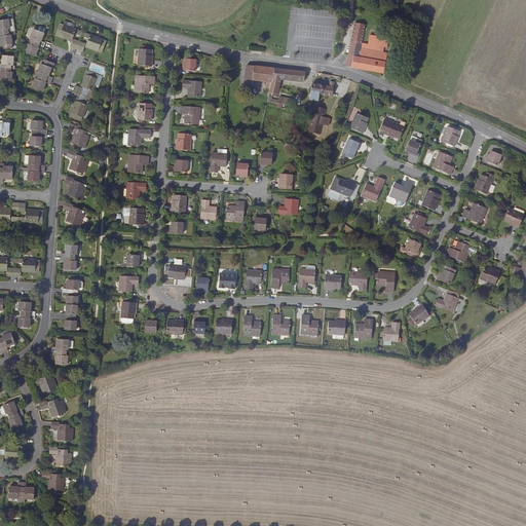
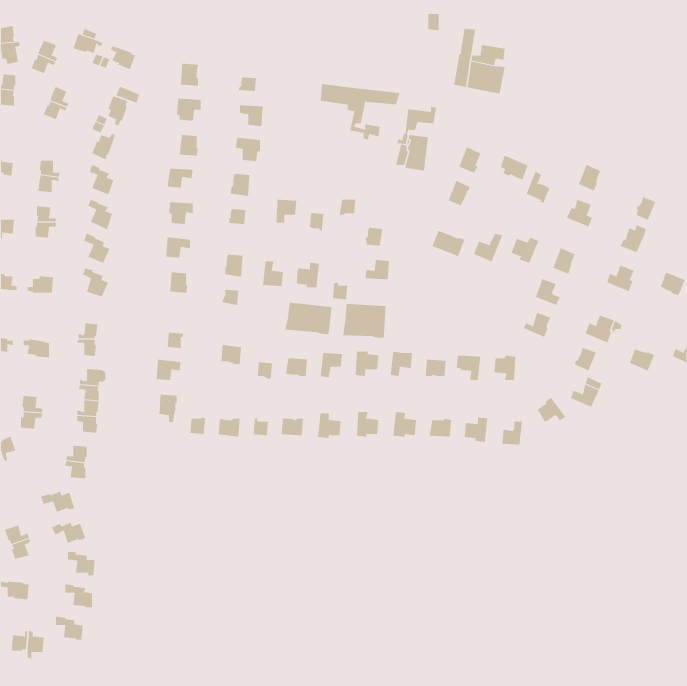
building: none -> [285,302,332,335]
building: none -> [343,303,386,338]

